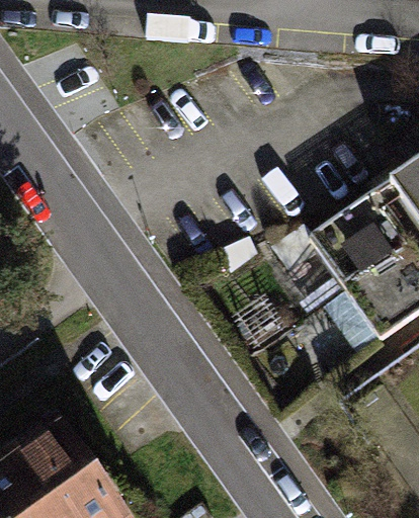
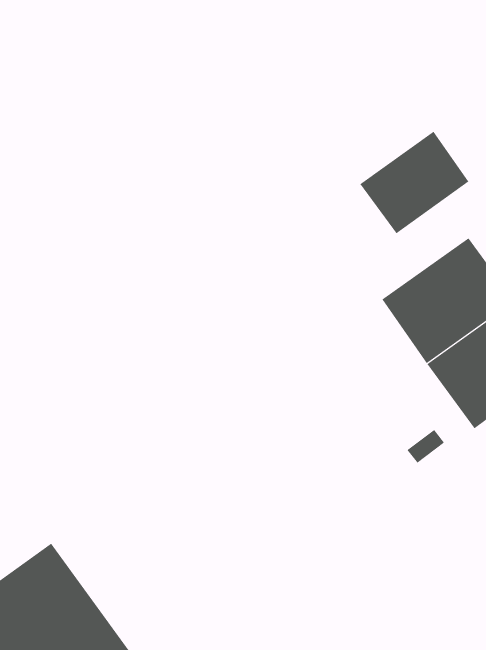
building: none -> [359,131,469,234]

